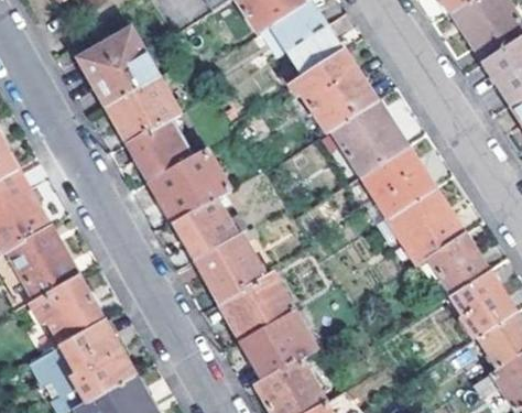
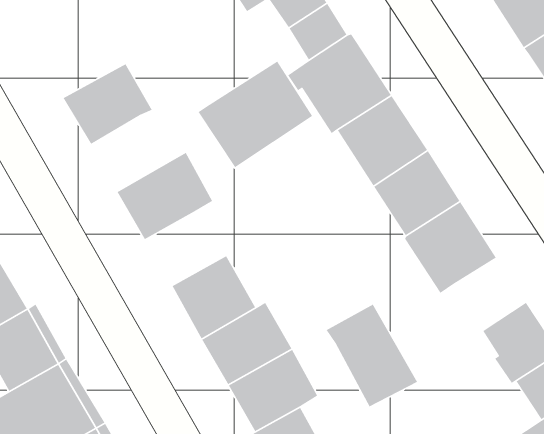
building: [78,28,156,104] -> none
building: none -> [198,60,313,168]
building: [128,118,191,181] -> none
building: [172,197,244,258] -> none
building: [425,235,485,294] -> none
building: none -> [326,303,418,407]

